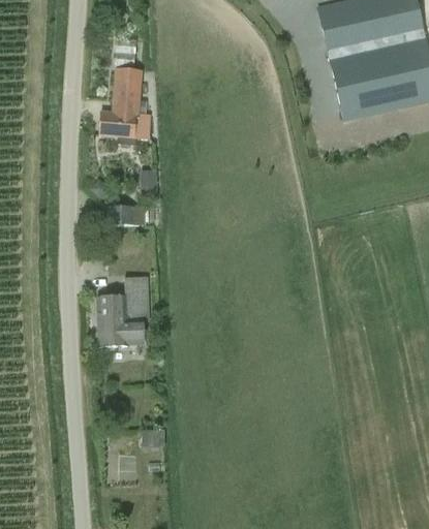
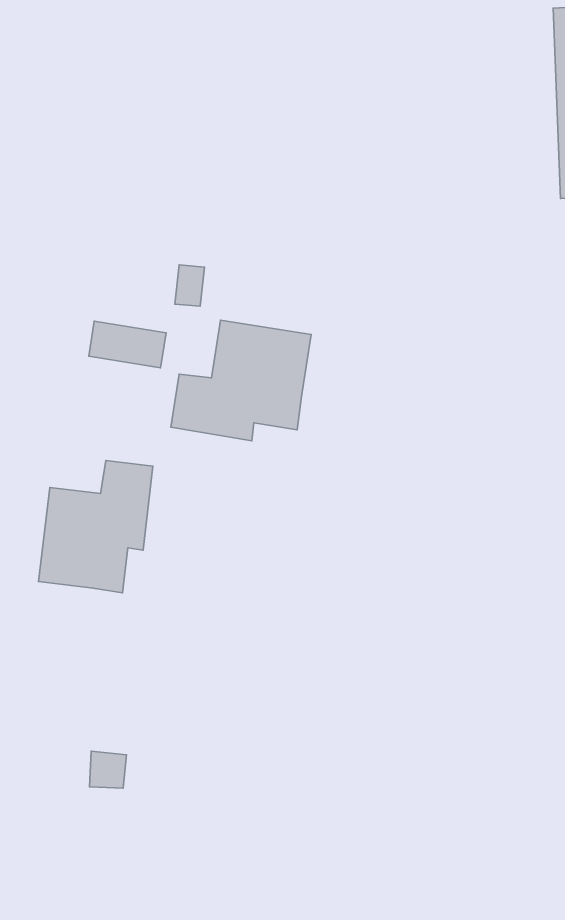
building: [100,70,141,137] -> none
building: none -> [171,320,311,441]

